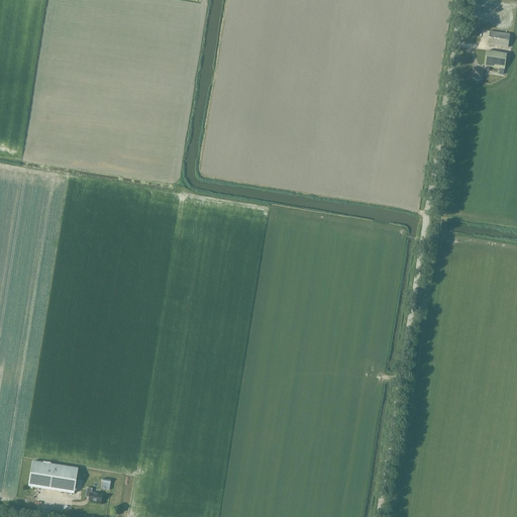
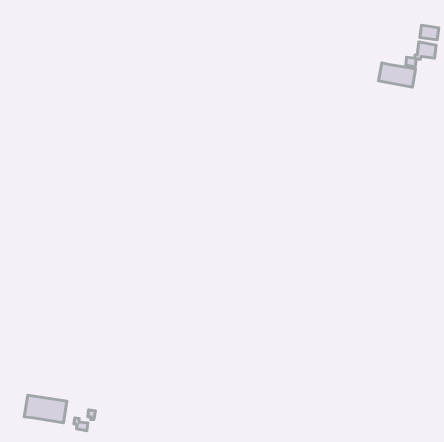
building: none -> [378,63,416,87]

